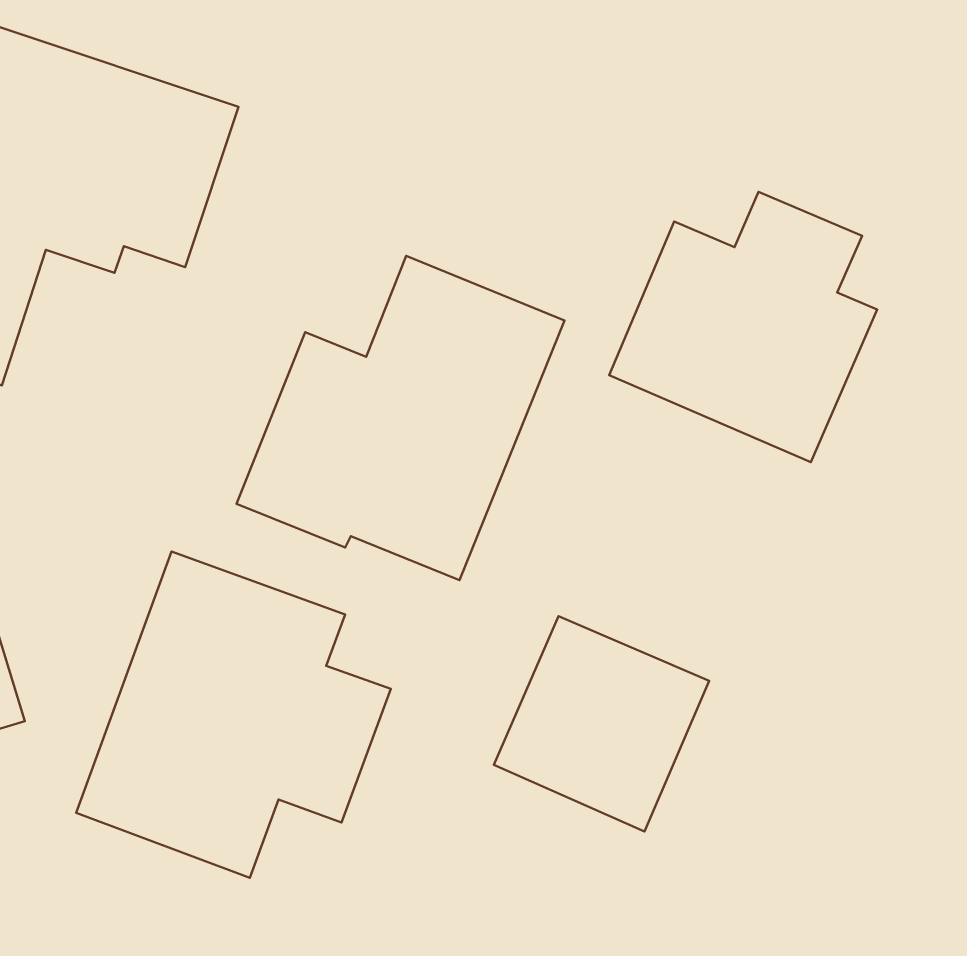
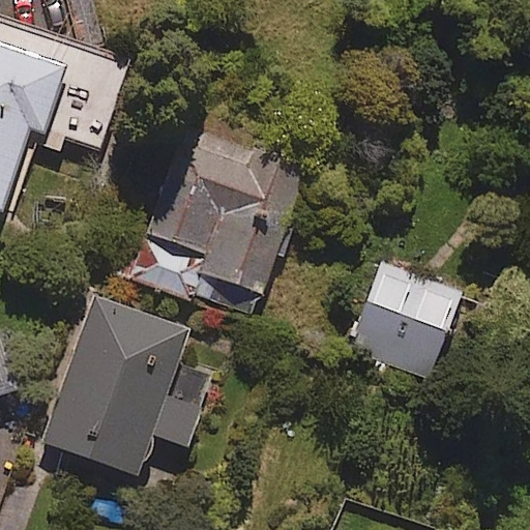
building: [609,192,877,462] -> none
building: [494,616,709,832] -> [346,258,463,375]

